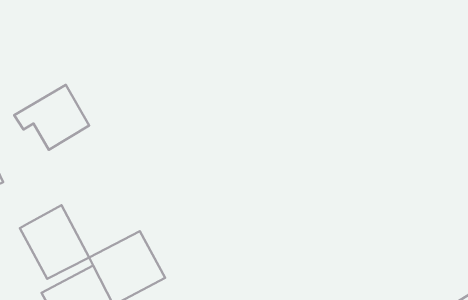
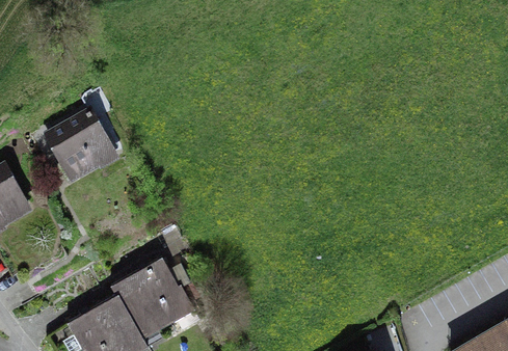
building: [20,205,89,279] -> none

